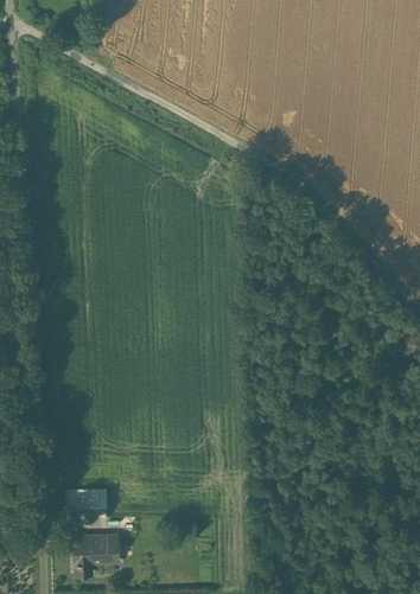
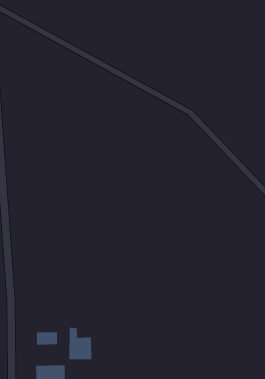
building: none -> [69,327,92,360]

